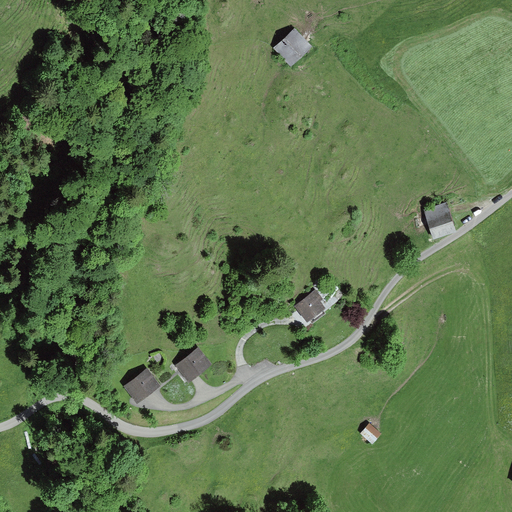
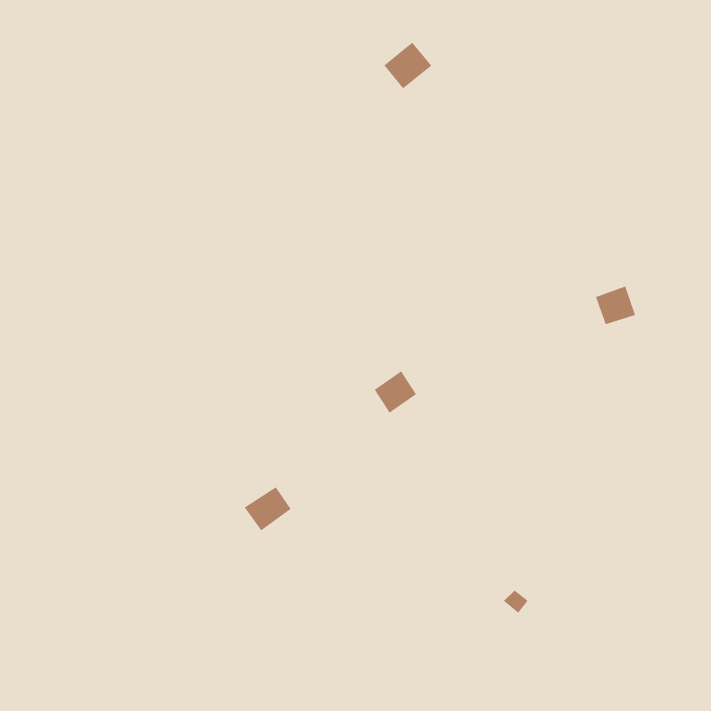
building: [294,290,325,321] -> [374,370,417,414]
building: [124,369,158,402] -> none

